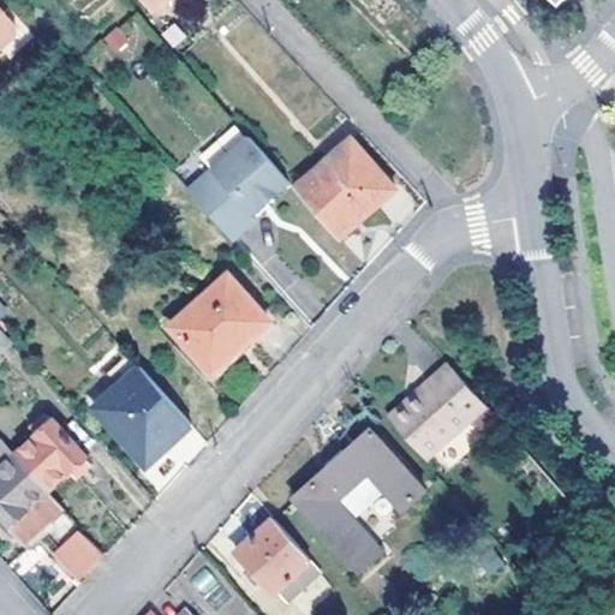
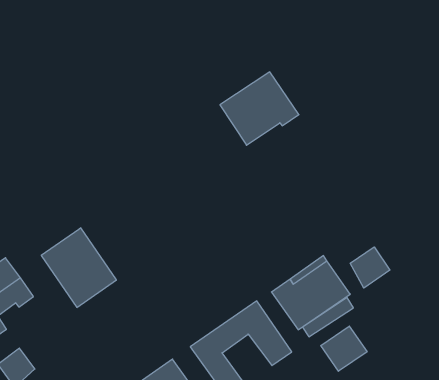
building: [186,136,287,239] -> none
building: [169,276,267,371] -> none
building: none -> [350,247,390,288]
building: none -> [321,326,367,371]

